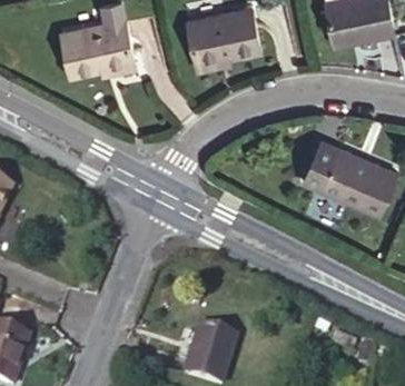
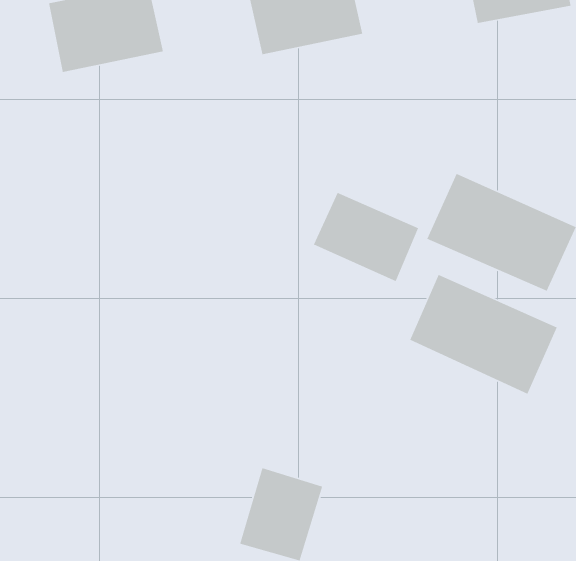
building: none -> [313,192,419,282]
building: none -> [409,274,558,395]

